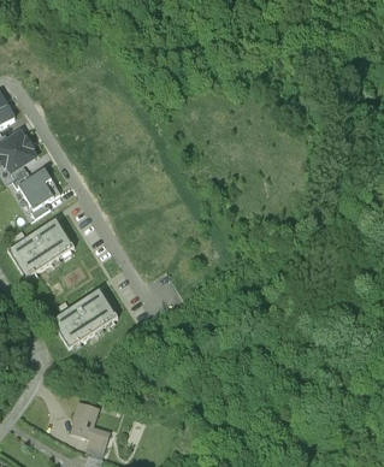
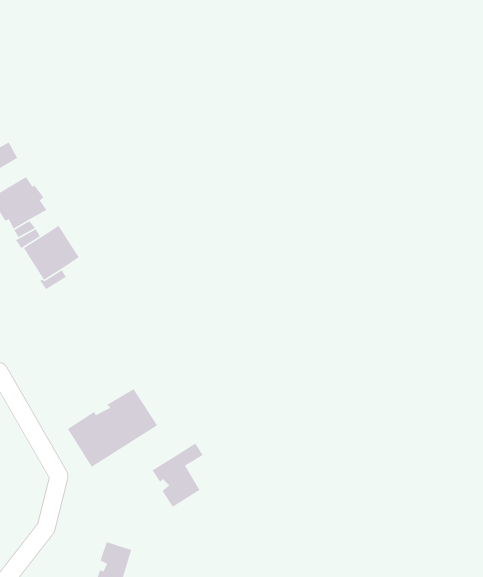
building: [7,219,75,278] -> none
building: none -> [152,442,204,508]

